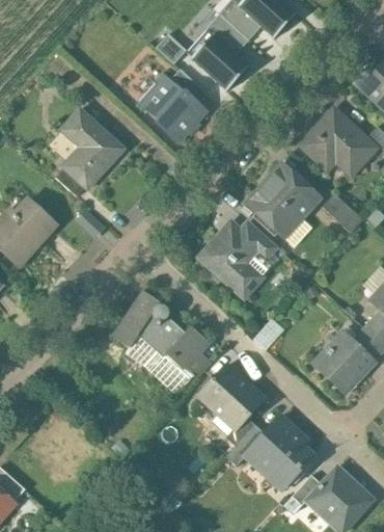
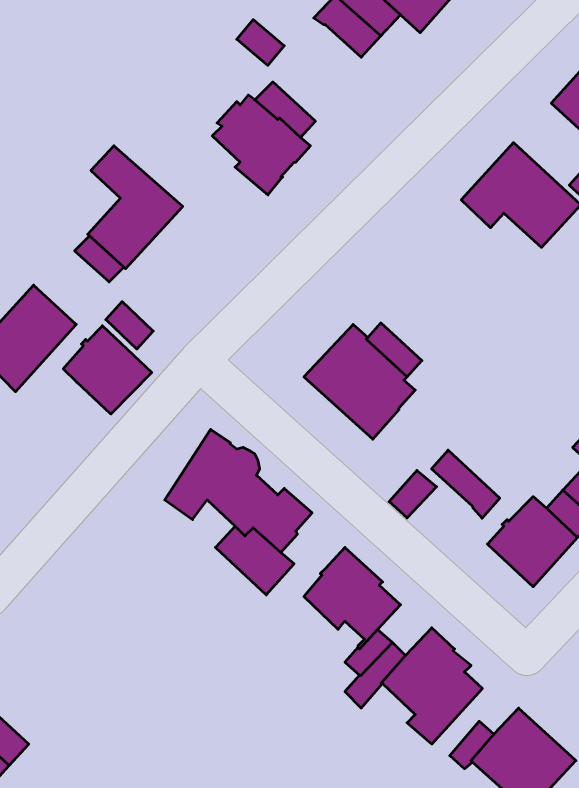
building: [191,33,250,91] -> none
building: [246,163,320,237] -> none
building: [323,193,363,233] -> none
building: none -> [63,326,152,414]
building: none -> [432,450,500,518]

